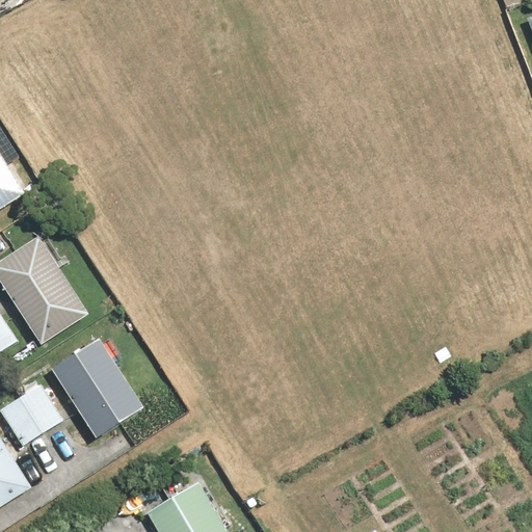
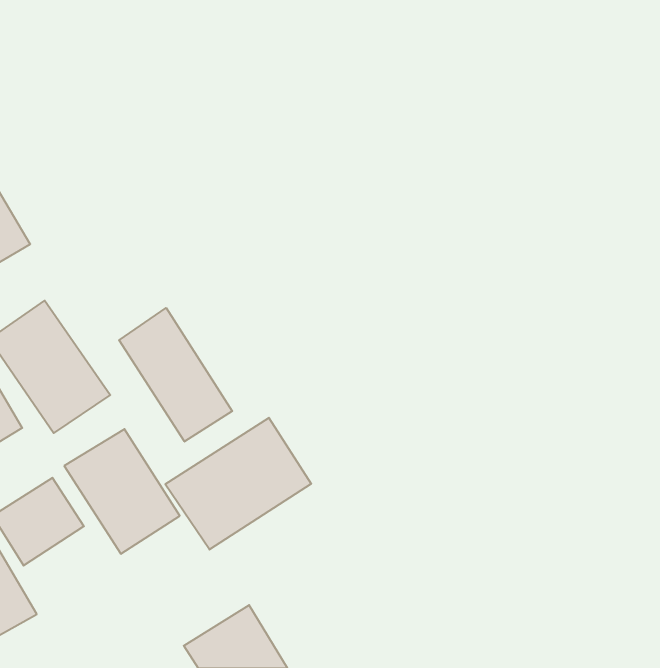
building: none -> [119,308,232,442]
building: none -> [165,418,311,550]

